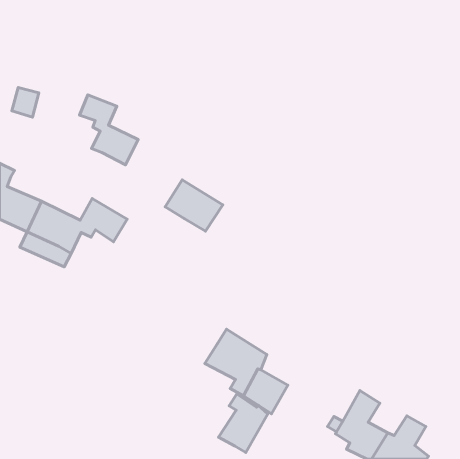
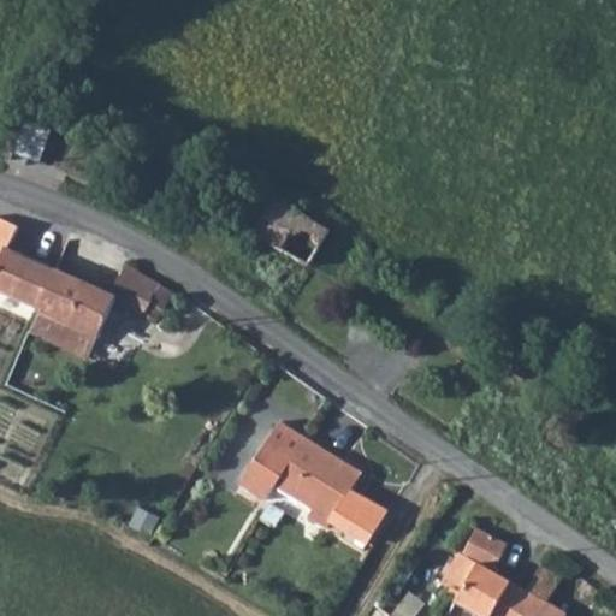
building: [80,95,138,165] -> none
building: [165,180,223,231] -> [251,199,328,267]
building: none -> [239,445,290,500]
building: [219,394,268,452] -> none

